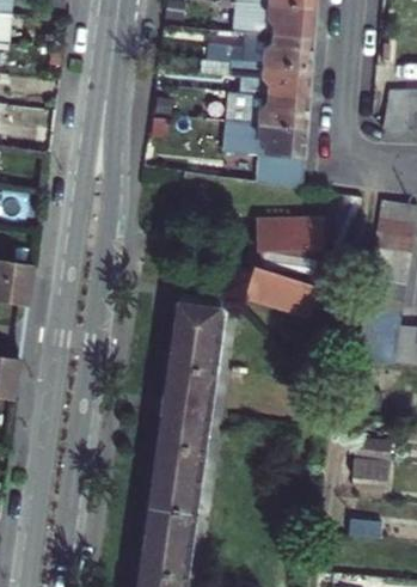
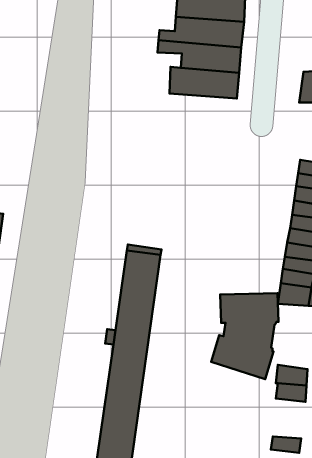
building: [223,122,307,189] -> none
building: [244,218,323,318] -> [211,293,278,379]

